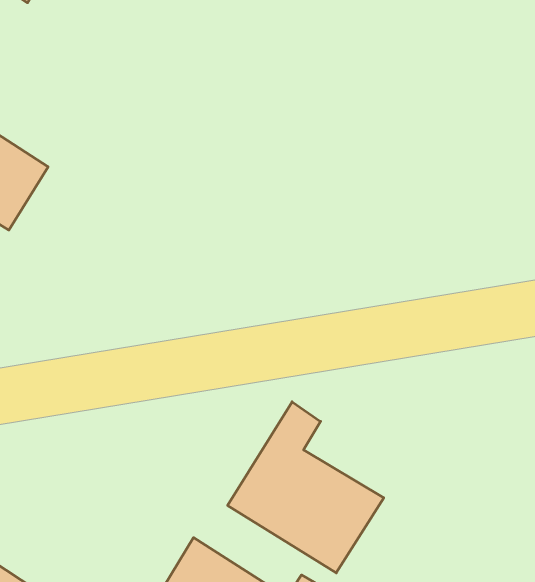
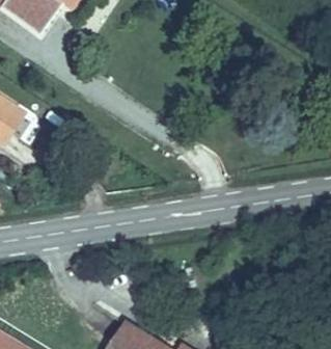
building: [228,402,384,573] -> none

